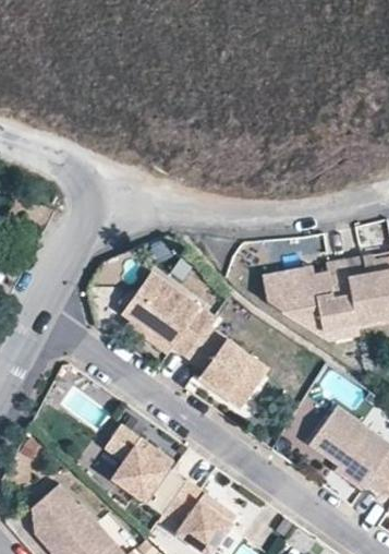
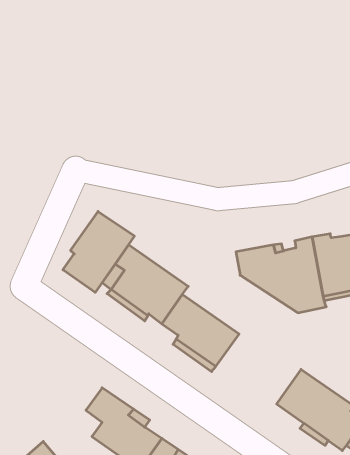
building: none -> [63,211,134,292]

